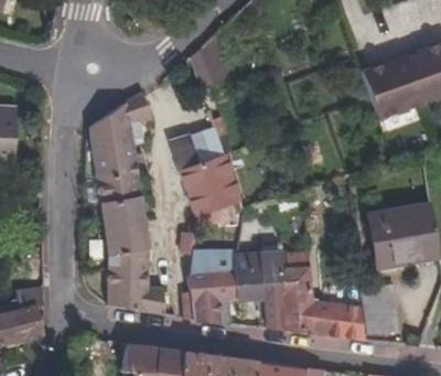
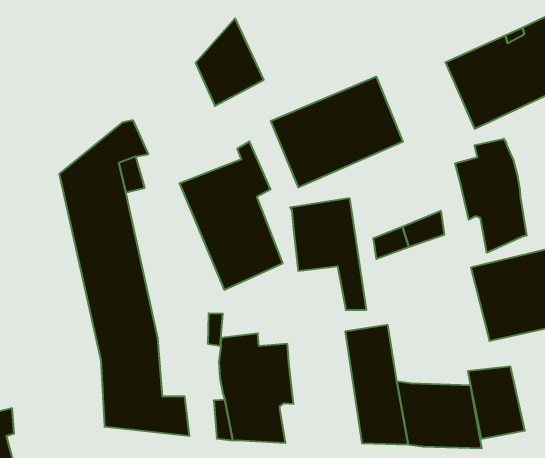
building: none -> [271,77,403,188]
building: none -> [455,139,527,253]
building: [236,253,283,331] -> [290,198,366,310]

